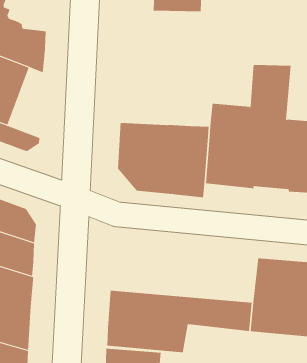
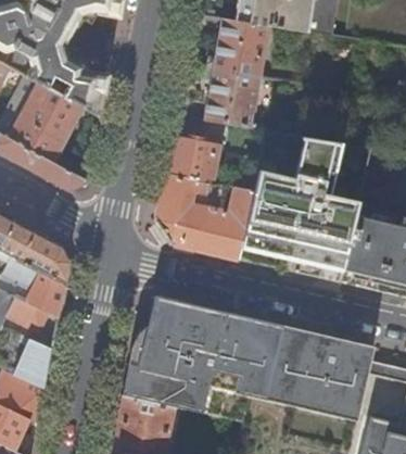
building: none -> [204,70,261,127]
building: none -> [165,133,220,184]
building: none -> [132,295,282,370]

